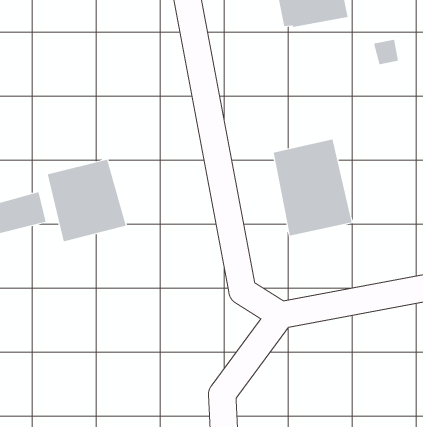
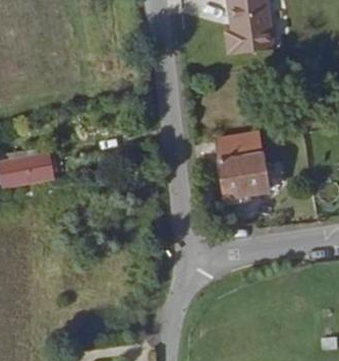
building: [47,159,126,242] -> none

